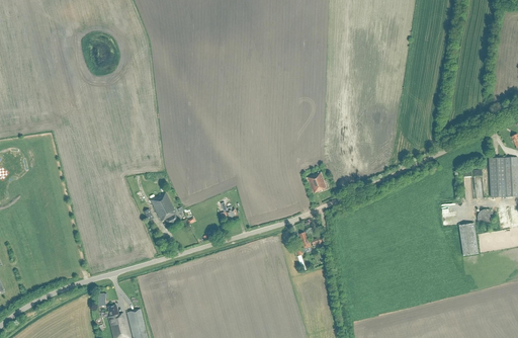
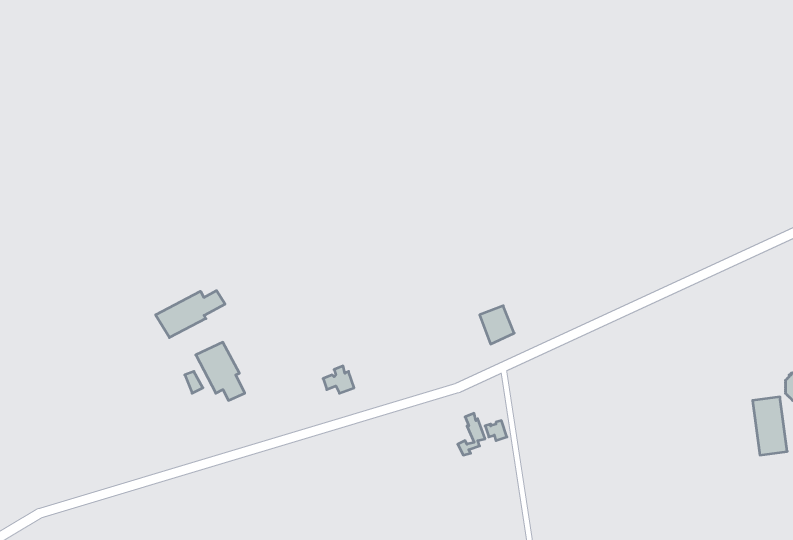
building: none -> [156,291,225,338]

